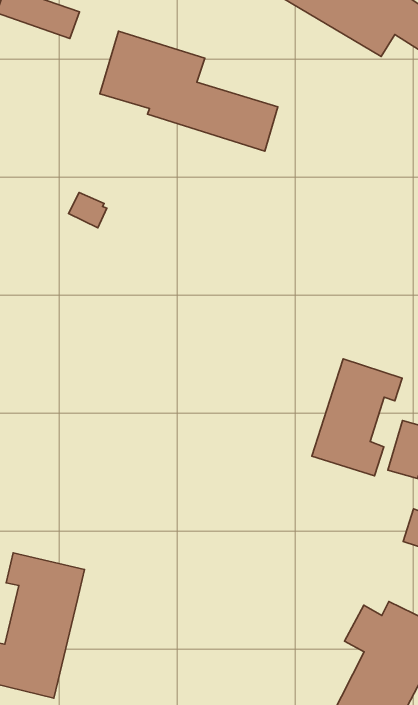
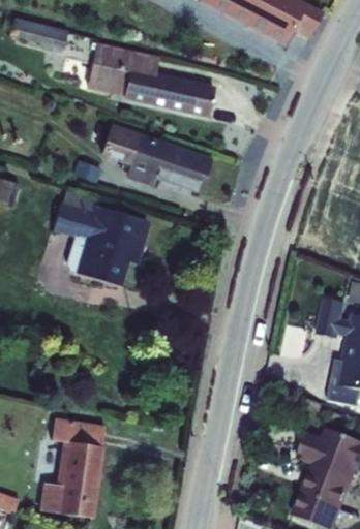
building: none -> [99,123,212,194]
building: none -> [52,190,149,285]
building: [312,359,402,476] -> none

